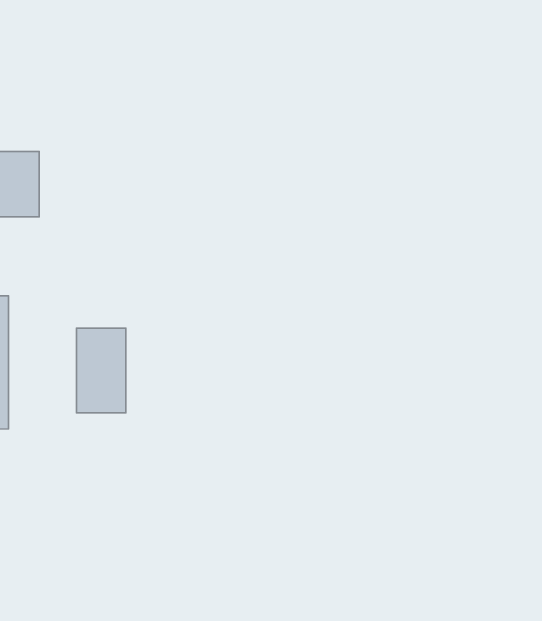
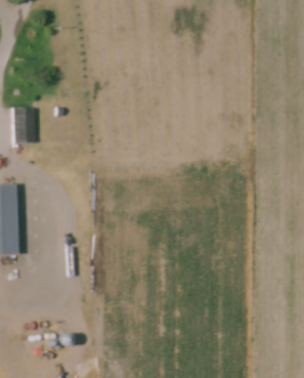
building: [77,328,126,413] -> none

